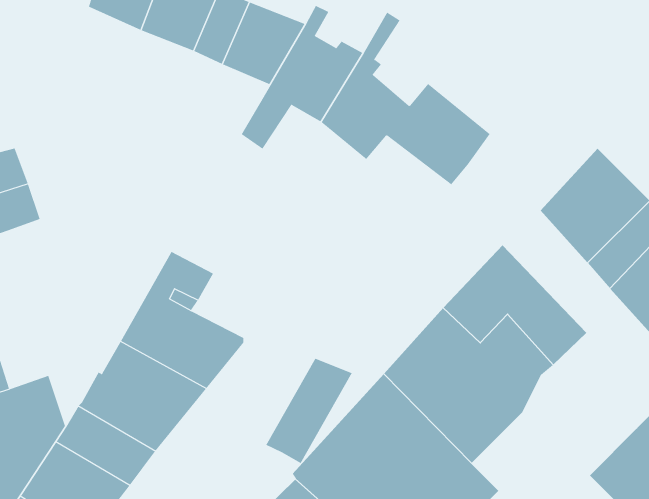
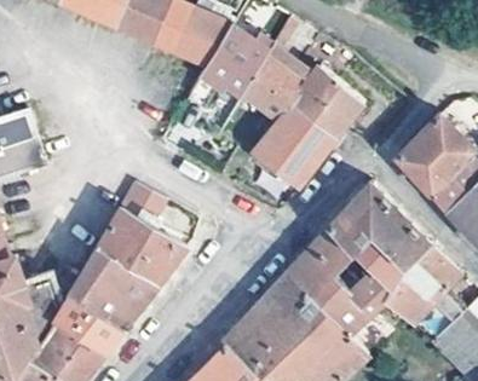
building: none -> [248,103,334,190]
building: none -> [385,243,466,345]
building: [266,358,353,464] -> none

